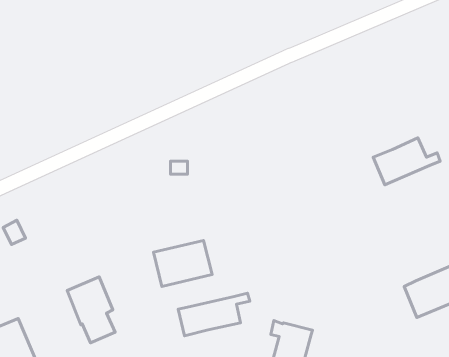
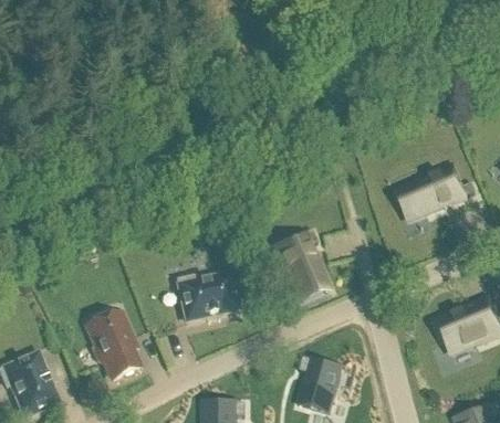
building: none -> [274,229,323,292]
building: [178,293,250,336] -> none

